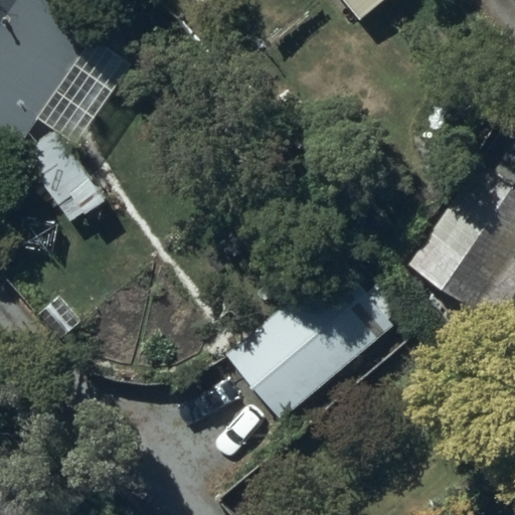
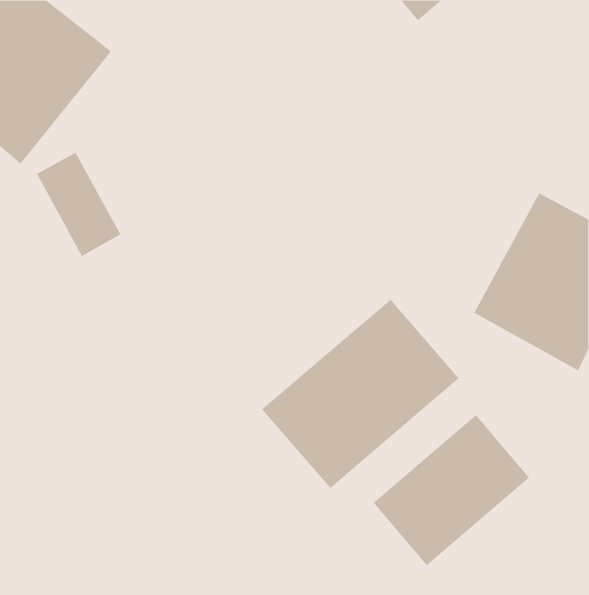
building: none -> [373,414,530,566]

